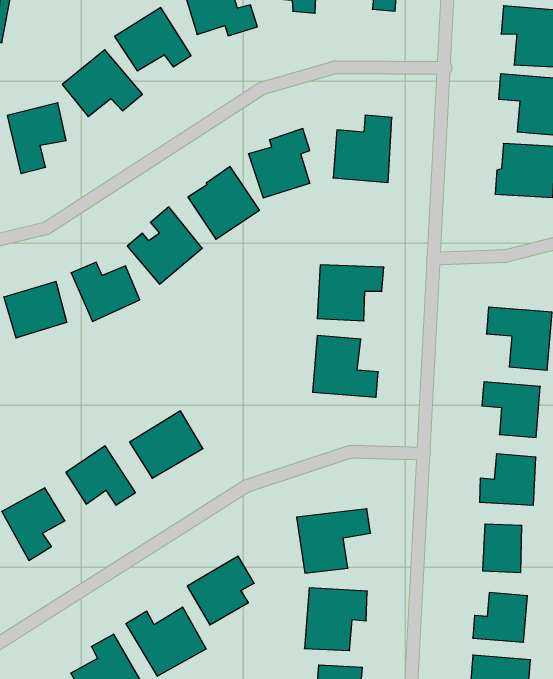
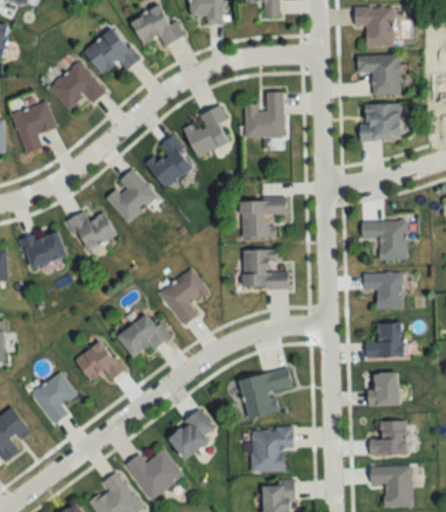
building: none -> [159,269,208,326]

